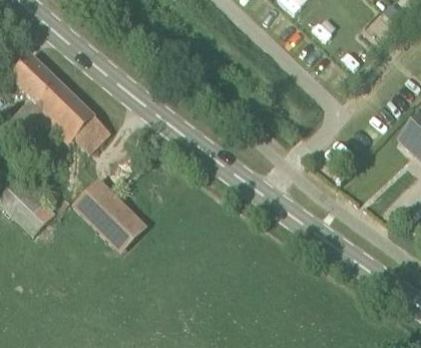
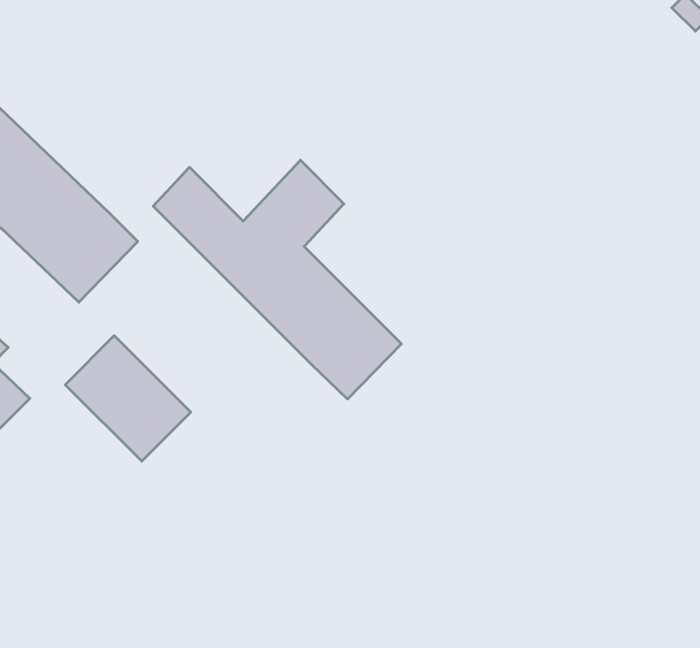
building: none -> [153,160,401,399]

